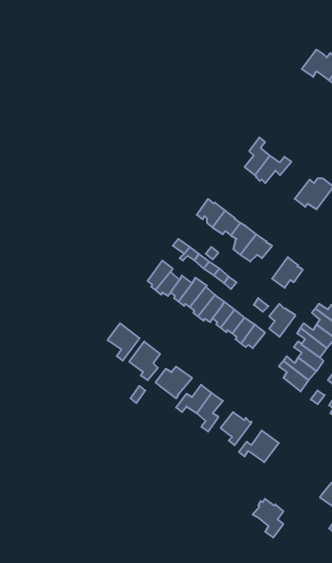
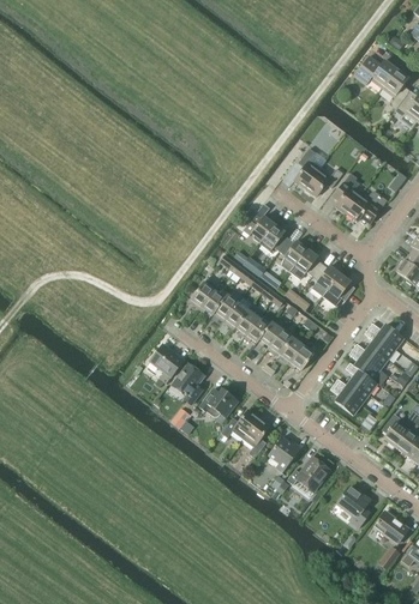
building: none -> [331,171,361,212]
building: [269,304,295,337] -> [311,261,339,296]
building: [253,499,283,538] -> [336,485,369,526]

